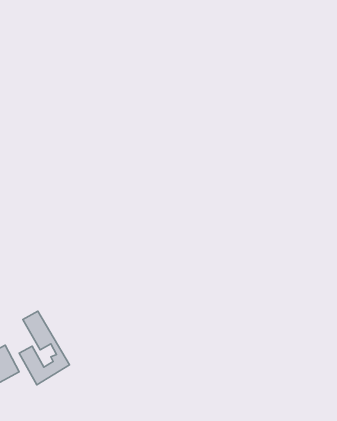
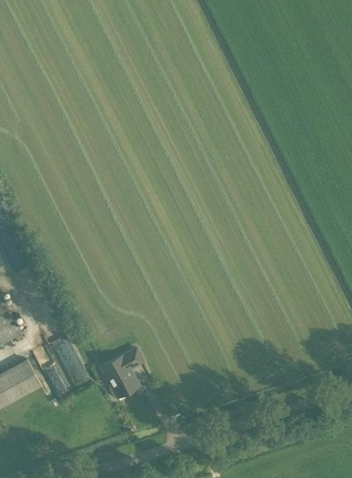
building: none -> [100,348,142,397]

